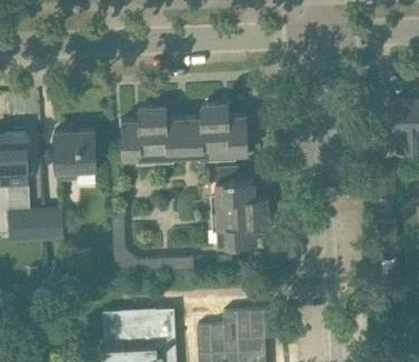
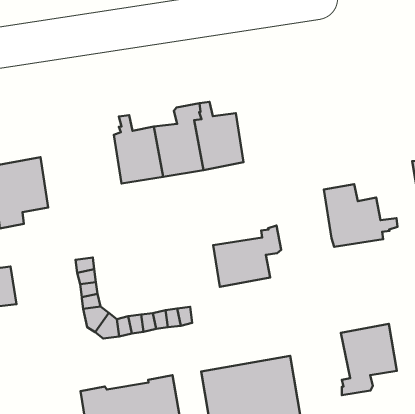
building: [121,108,159,160] -> none
building: [215,169,267,214] -> [324,184,398,247]
building: none -> [341,324,397,395]

